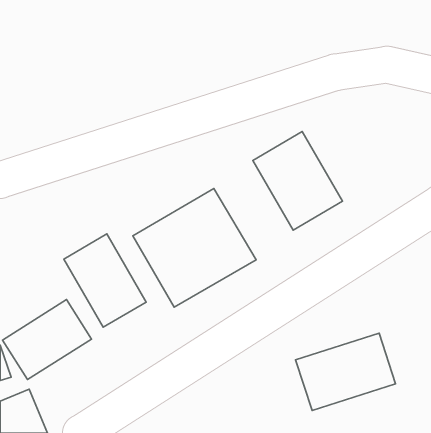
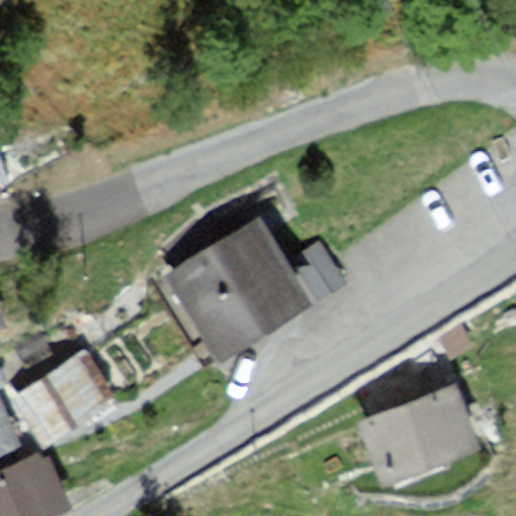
building: [253,132,343,230] -> none
building: [64,234,146,327] -> none

